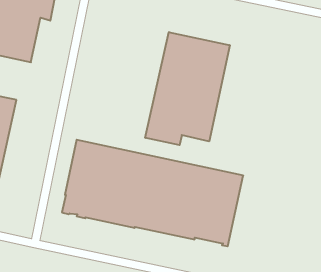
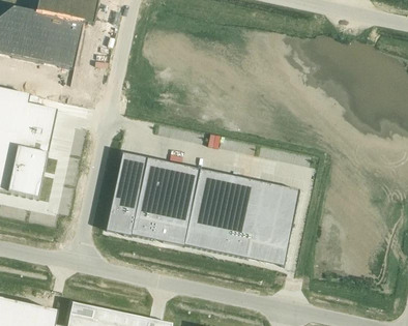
building: [145,32,230,145] -> none

